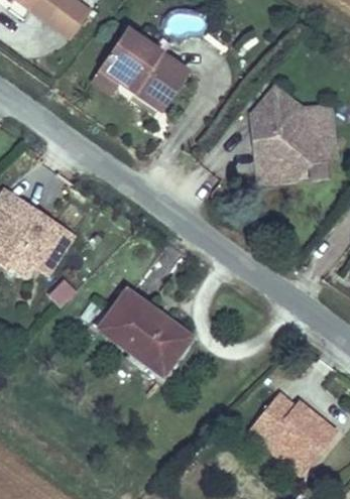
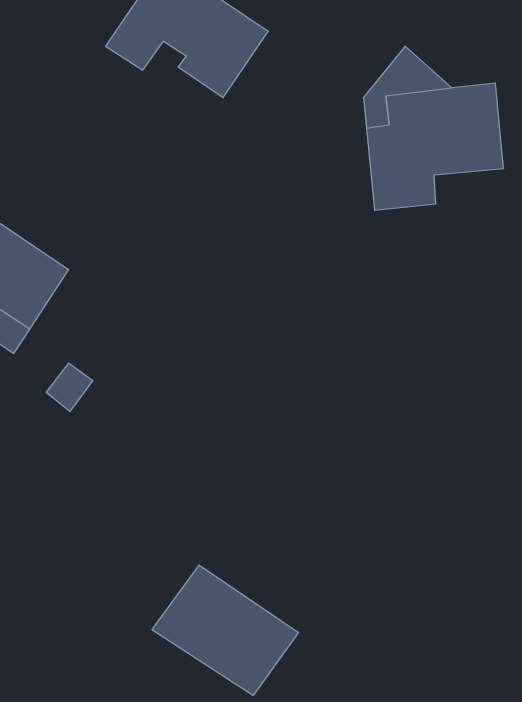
building: [100,290,192,372] -> [152,565,299,695]
building: [245,389,339,464] -> none

